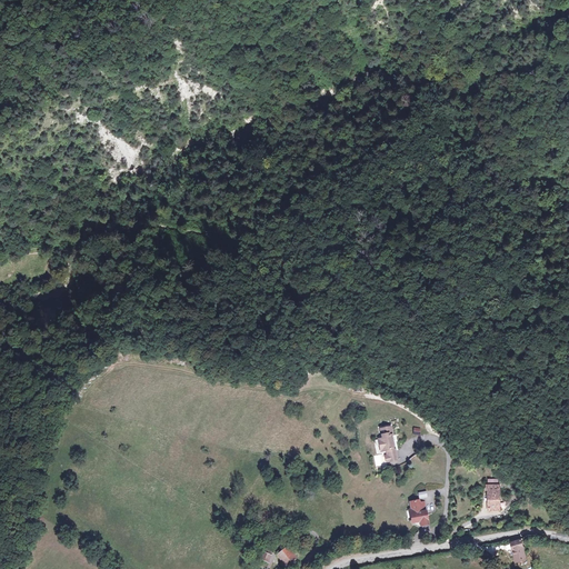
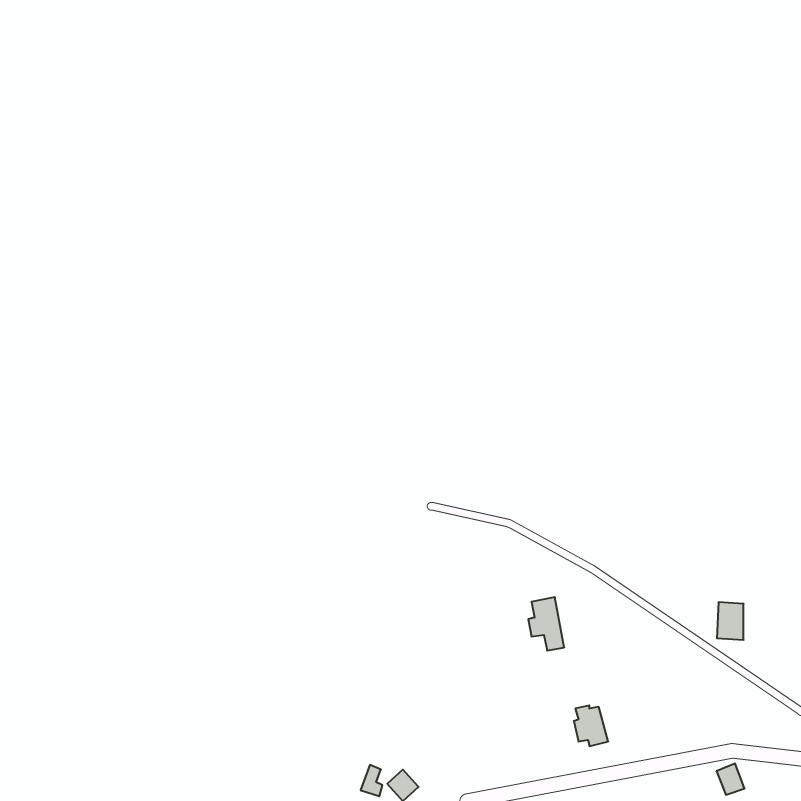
building: [482,483,501,510] -> [717,602,744,640]

